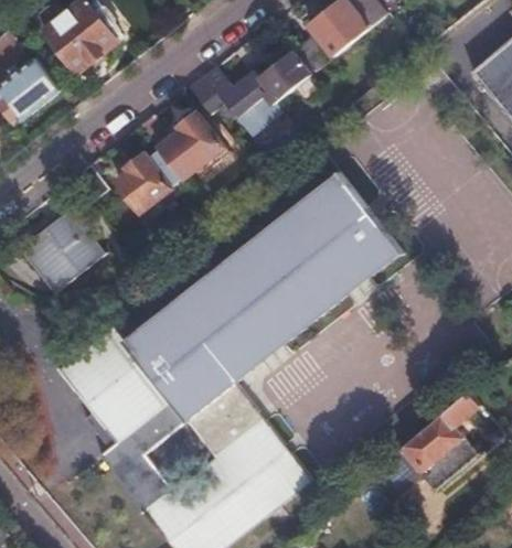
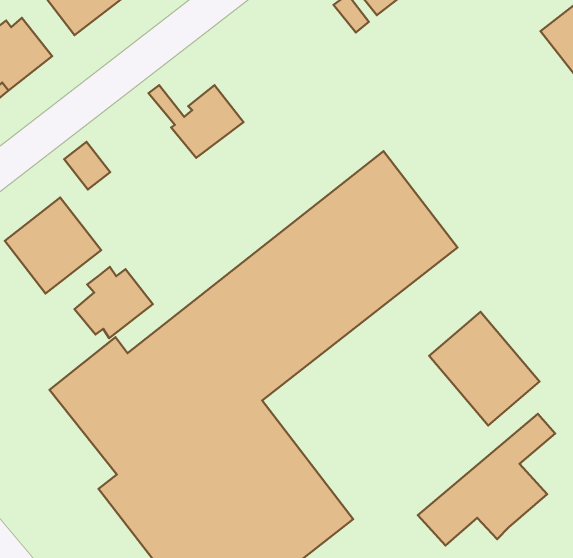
building: [190,55,309,140] -> none
building: [119,150,182,209] -> none
building: none -> [74,267,153,338]
building: none -> [429,312,539,425]

